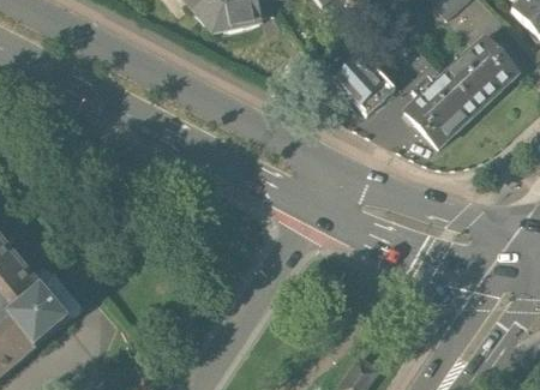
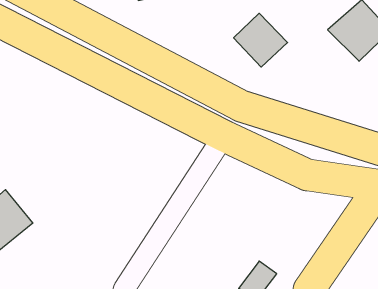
building: [402,70,482,146] -> none

